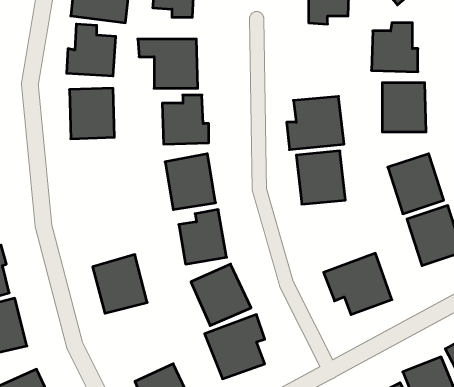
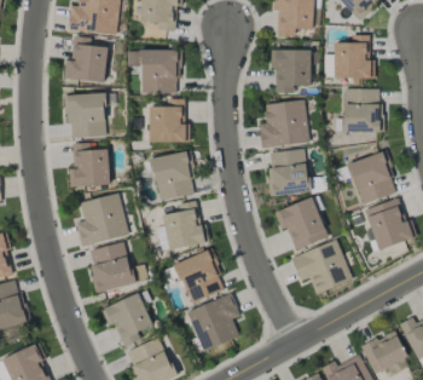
building: none -> [271,50,312,94]
building: none -> [69,143,110,186]
building: none -> [76,192,129,247]
building: none -> [274,197,328,251]
building: none -> [104,293,153,349]

